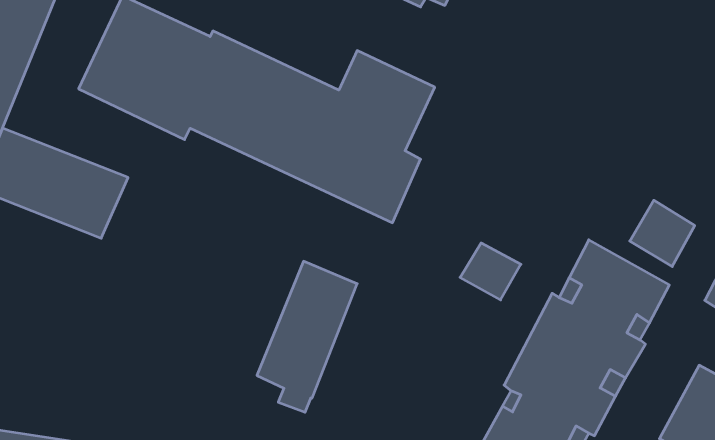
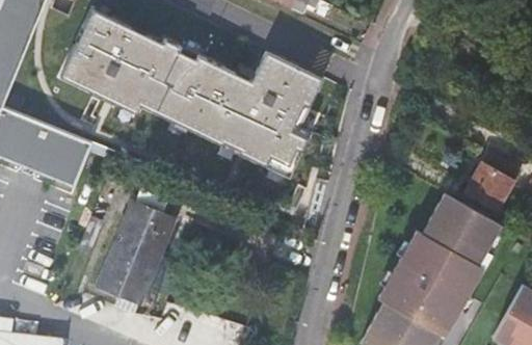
building: [460,243,521,300] -> none
building: [257,261,357,412] -> [102,203,176,314]

